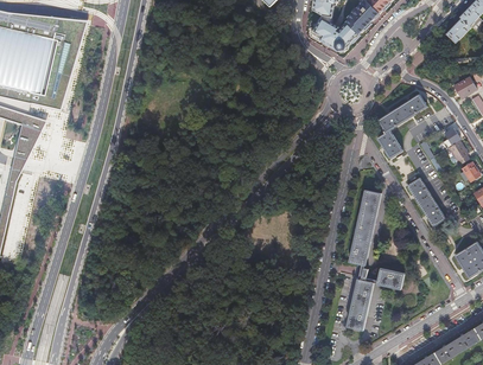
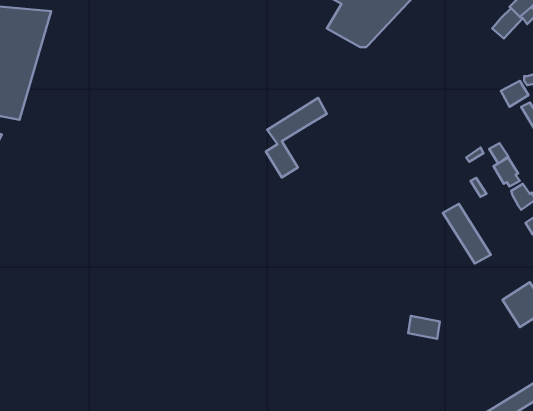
building: [376,94,426,159] -> [266,98,327,178]
building: [348,190,380,329] -> none

